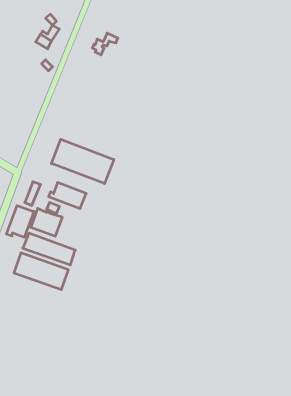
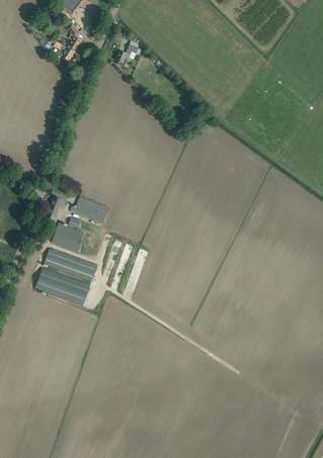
building: [51,139,114,184] -> none
building: [6,206,34,237] -> none

